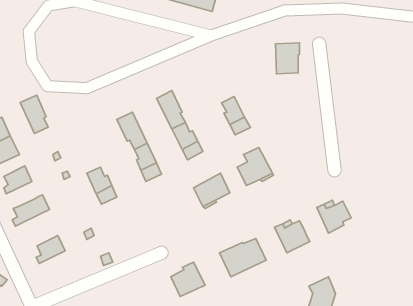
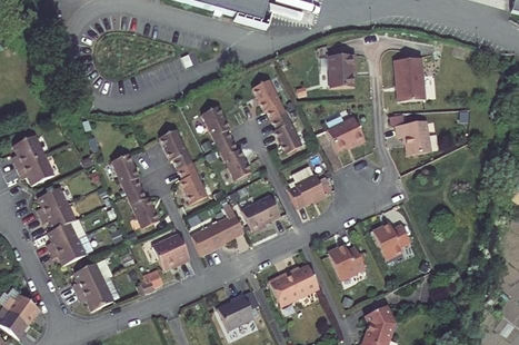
building: none -> [397,58,426,101]
building: none -> [252,79,285,118]
building: [20,95,48,134] -> [111,152,141,194]
building: none -> [327,116,365,150]
building: none -> [396,120,430,155]
building: none -> [40,203,76,229]
building: none -> [193,203,244,254]
building: none -> [152,233,190,268]
building: none -> [50,237,86,264]
building: none -> [76,277,114,310]

